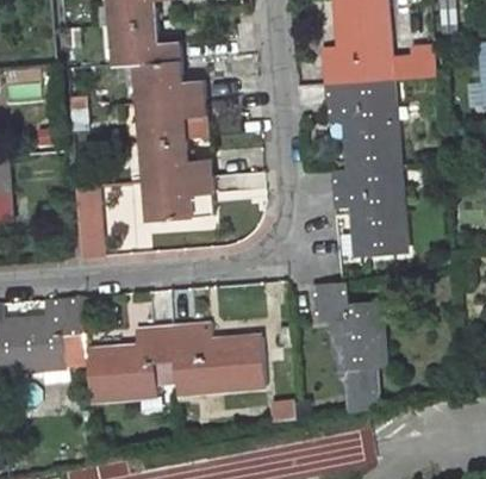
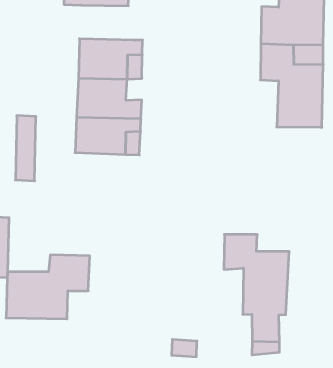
building: [132,60,201,100] -> none
building: [326,166,407,257] -> none
building: [170,325,261,394] -> none

